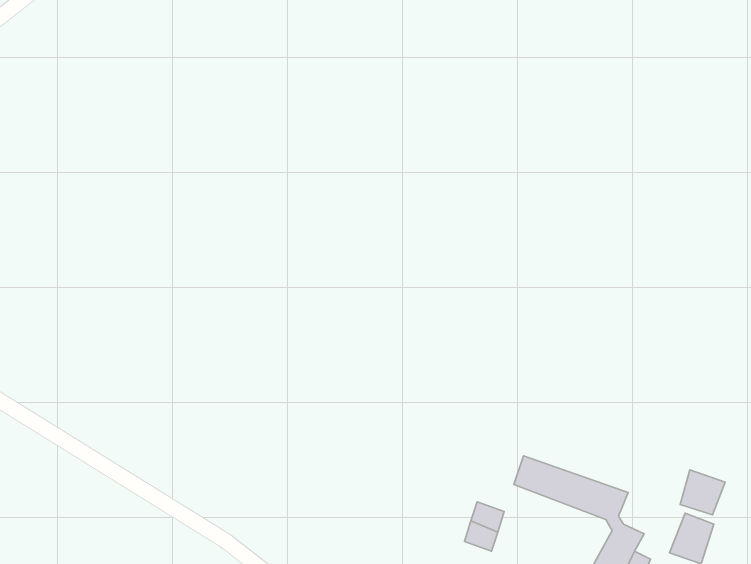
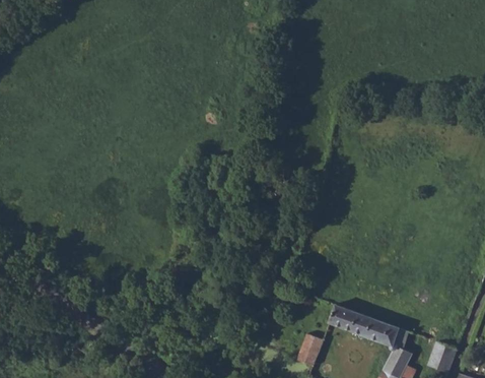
building: [680,470,725,515] -> none

